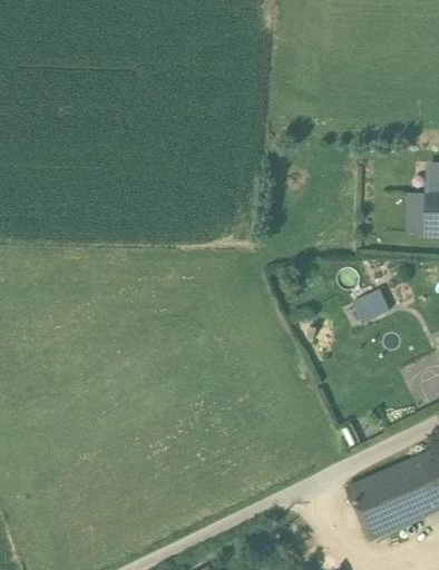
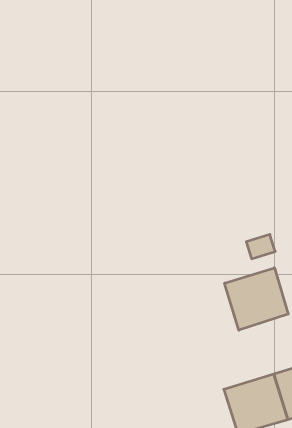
building: none -> [225,268,288,330]

